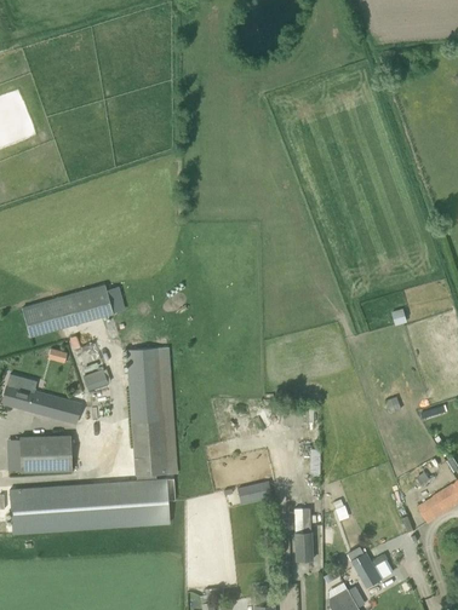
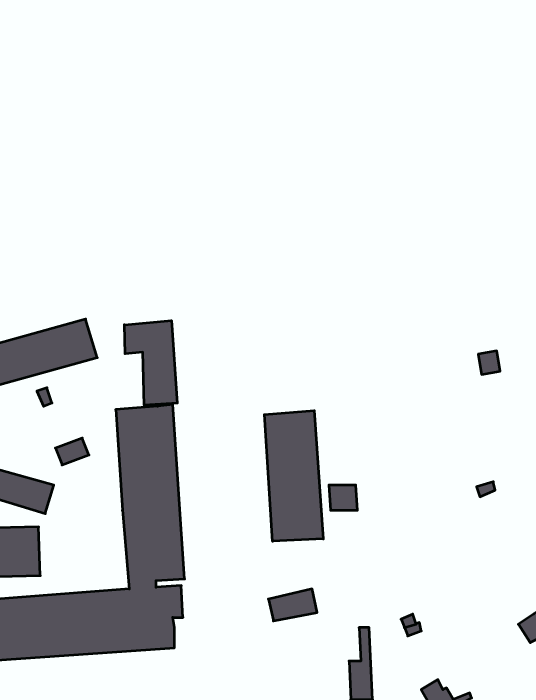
building: none -> [124,321,177,405]
building: none -> [264,411,323,541]

